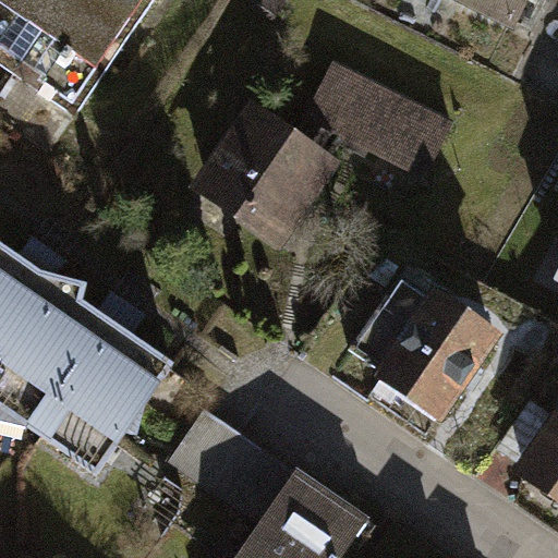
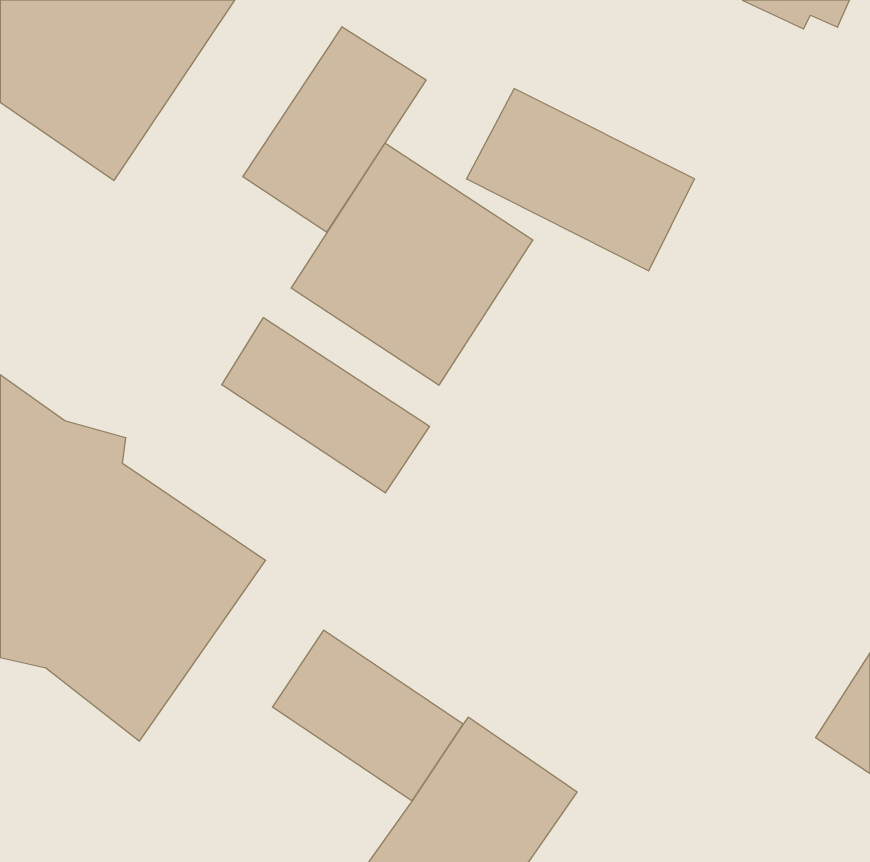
building: none -> [243,27,426,232]
building: none -> [222,318,429,493]
building: [347,268,504,416] -> none

